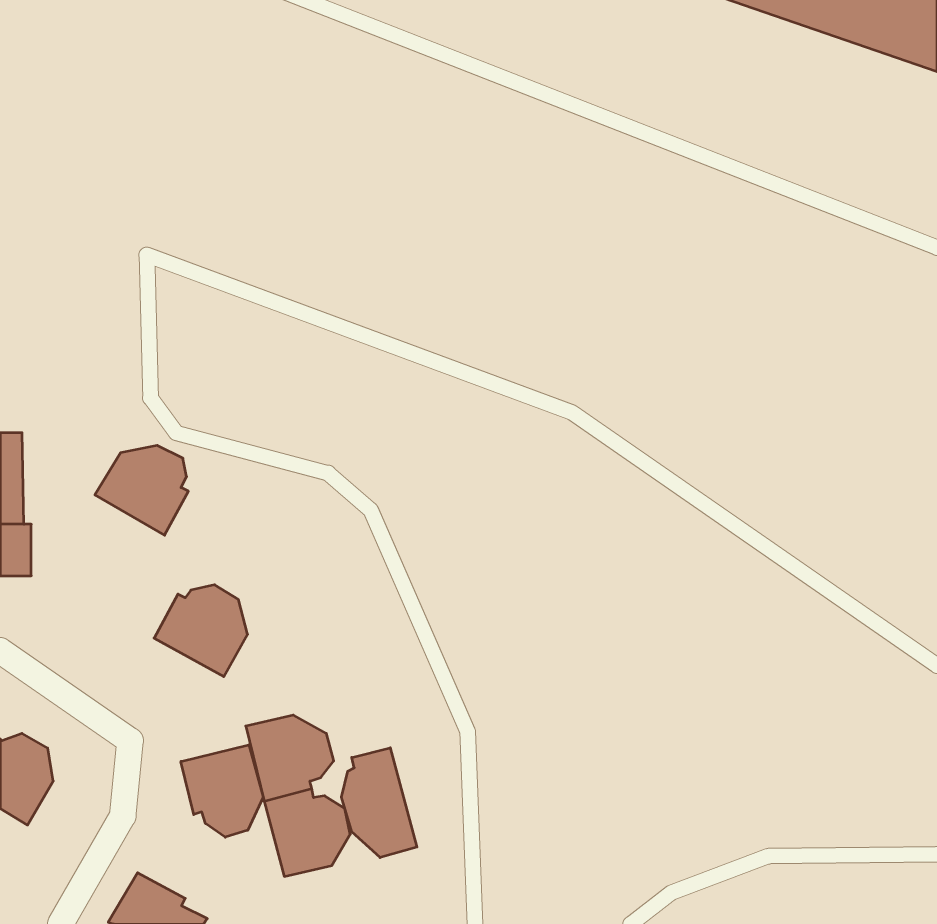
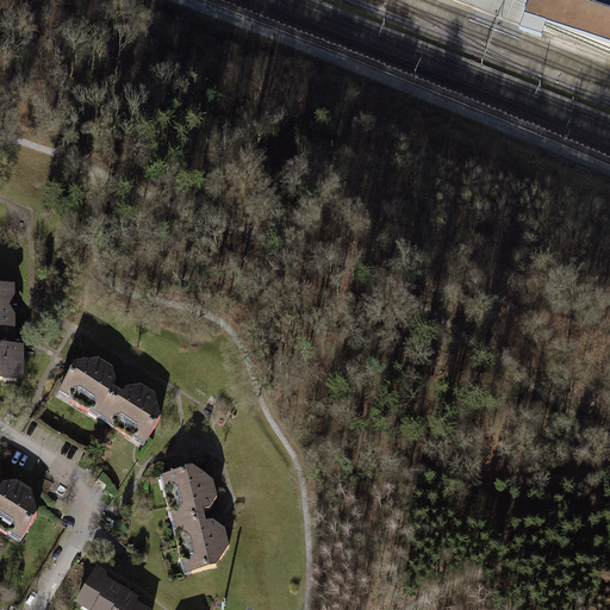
building: [95,445,188,535] -> [55,356,116,415]
building: [181,745,263,837] -> none
building: [341,748,417,858] -> none

